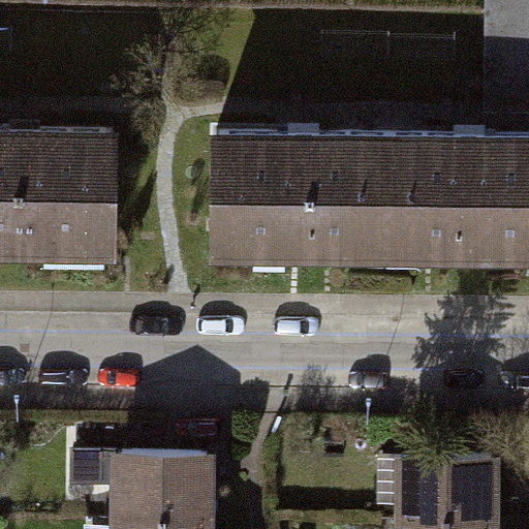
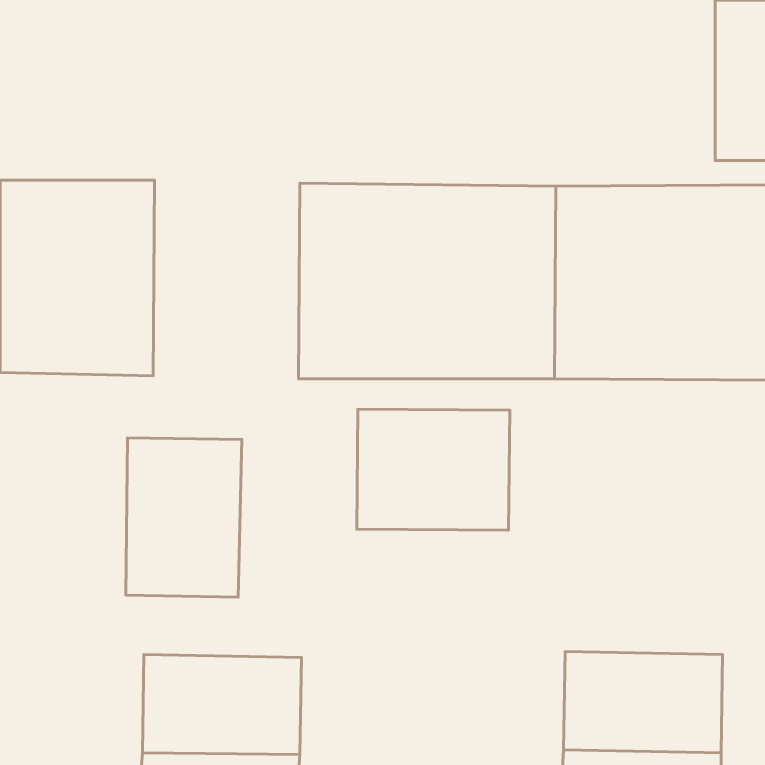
building: none -> [357,409,510,530]
building: none -> [126,438,242,597]

